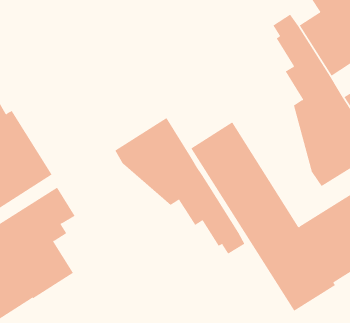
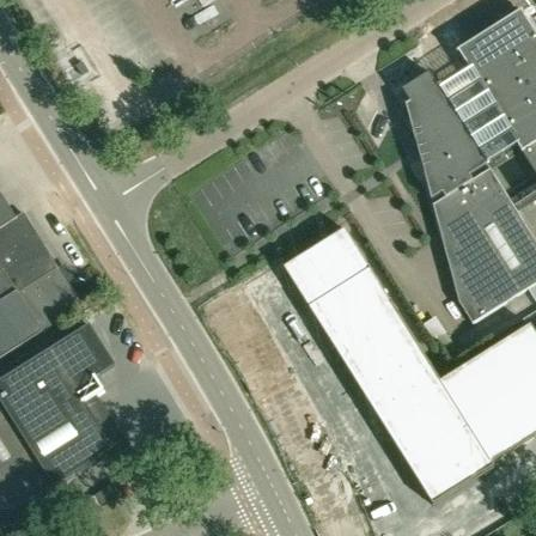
building: [114,117,245,254] -> none

